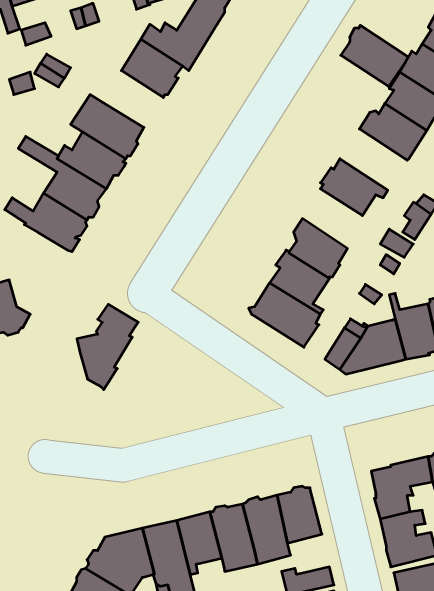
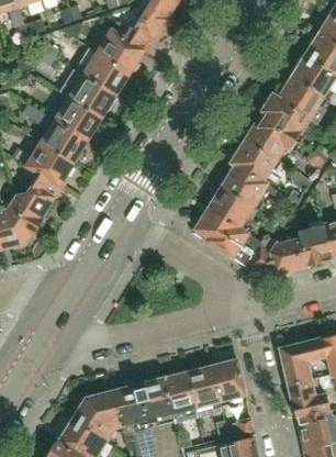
building: [341,25,408,87] -> [258,97,307,142]
building: none -> [83,54,128,96]
building: none -> [231,141,275,185]
building: [77,304,138,390] -> [13,172,58,235]

